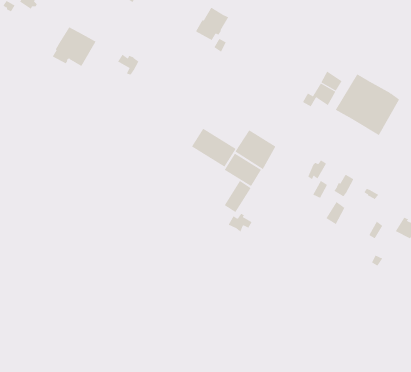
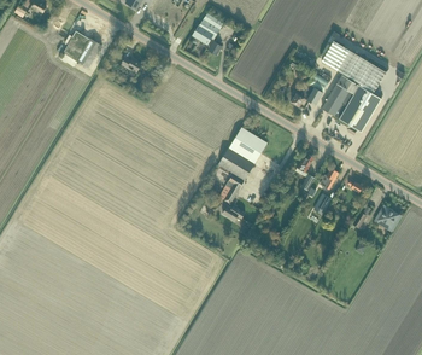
building: none -> [321,41,385,93]
building: [191,128,236,167] -> none

